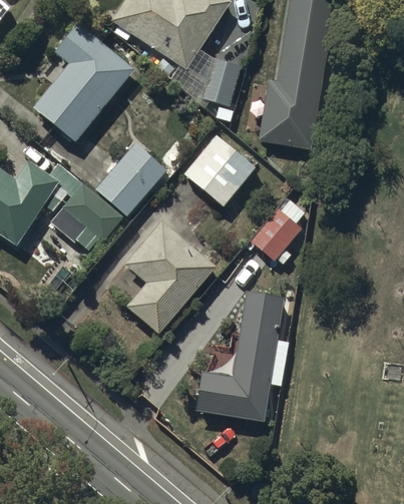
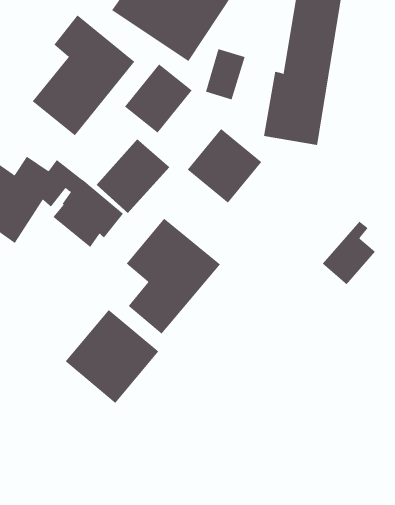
building: none -> [124,63,192,134]
building: [250,197,302,260] -> [322,221,376,285]
building: [195,292,283,421] -> none
building: none -> [65,309,159,404]

